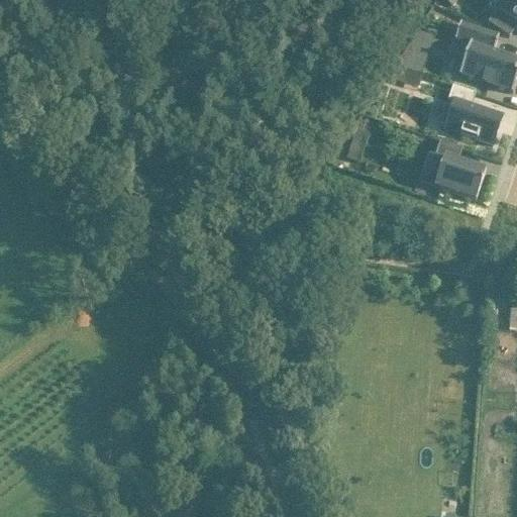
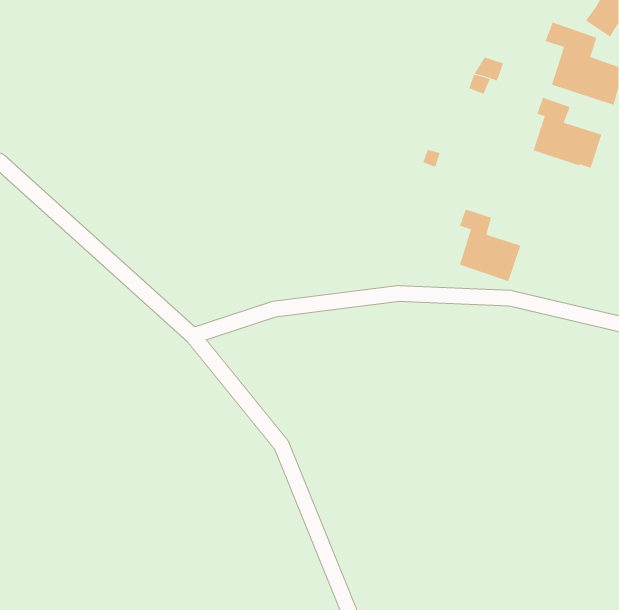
building: [433,136,485,197] -> [459,209,521,282]

